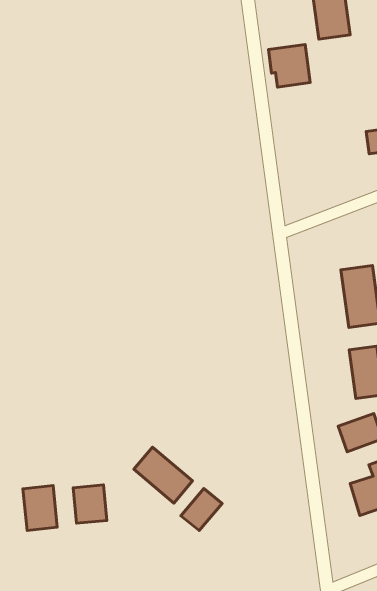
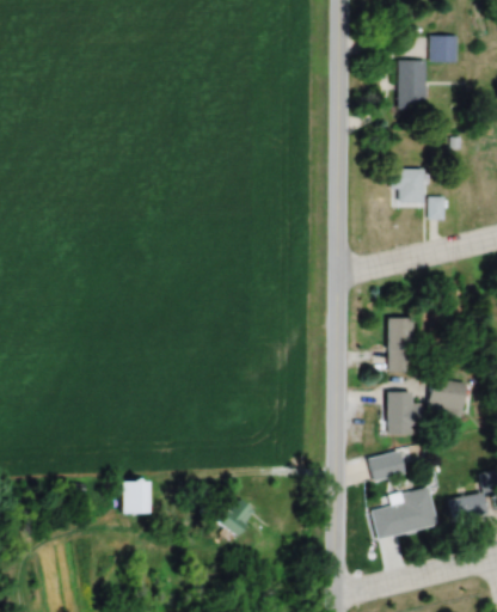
building: [268,45,310,87] -> [391,167,424,202]
building: [134,447,193,503] -> none
building: [23,485,57,531] -> none

